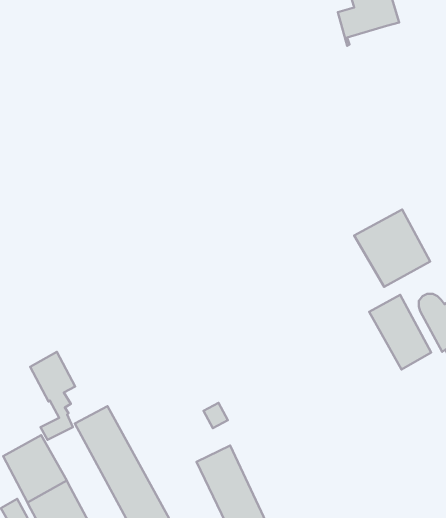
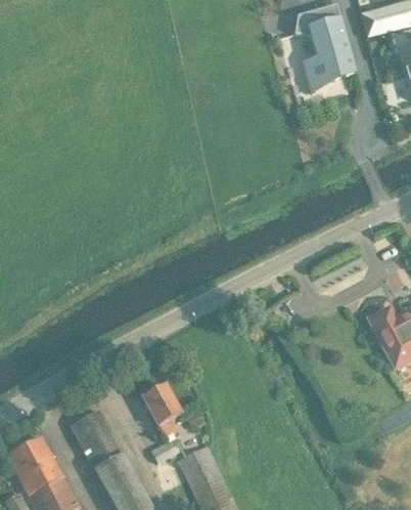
building: [354,210,430,287] -> none
building: [369,295,431,369] -> none
building: [30,352,75,440] -> [141,383,181,461]

